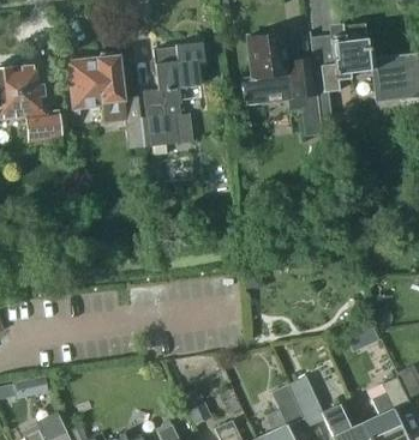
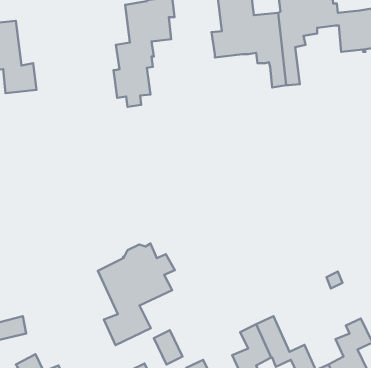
building: [67,52,144,149] -> none
building: none -> [98,243,175,345]

